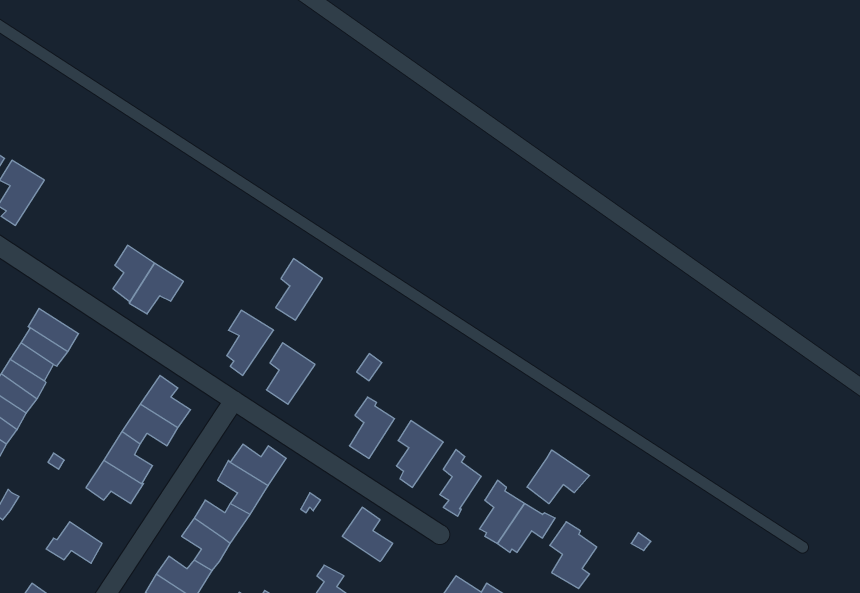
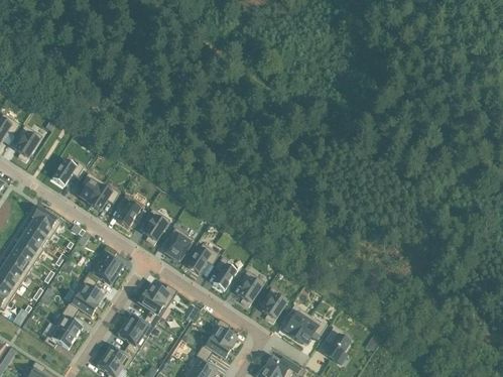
building: none -> [51,159,84,186]
building: [276,259,322,320] -> [116,194,142,228]
building: none -> [186,244,218,274]
building: [527,450,590,504] -> none
building: none -> [53,307,82,339]
building: none -> [198,335,230,359]

